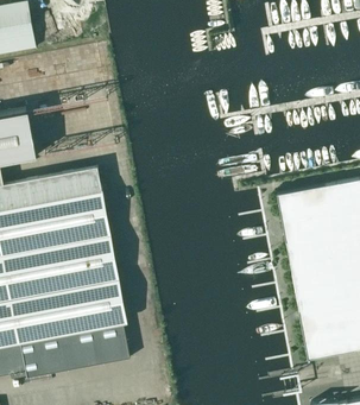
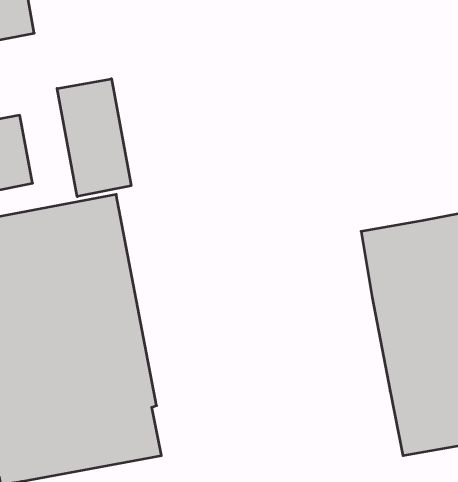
building: none -> [57,79,131,197]

